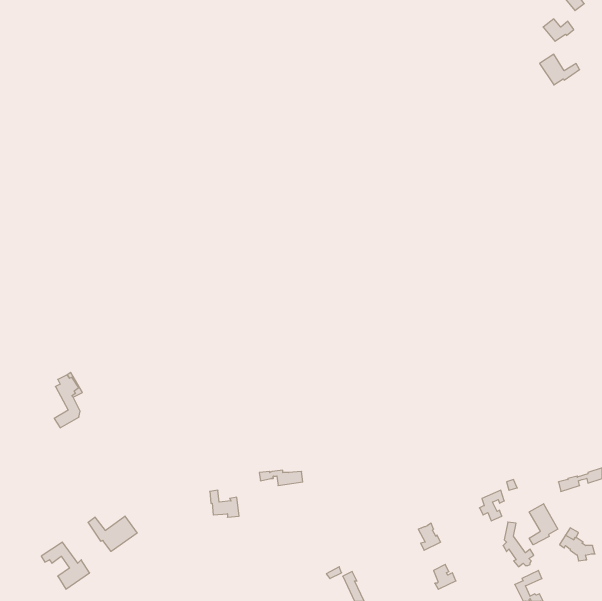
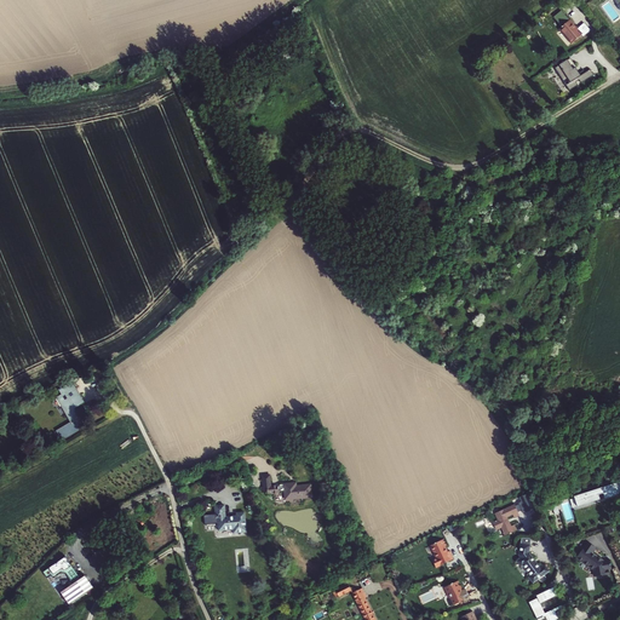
building: [529,504,558,545] -> none
building: [88,516,137,551] -> none

